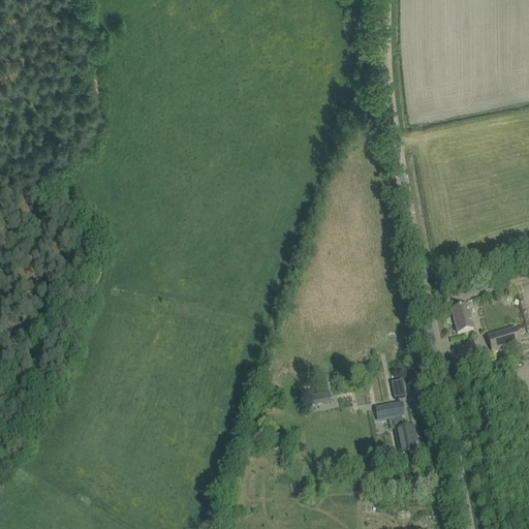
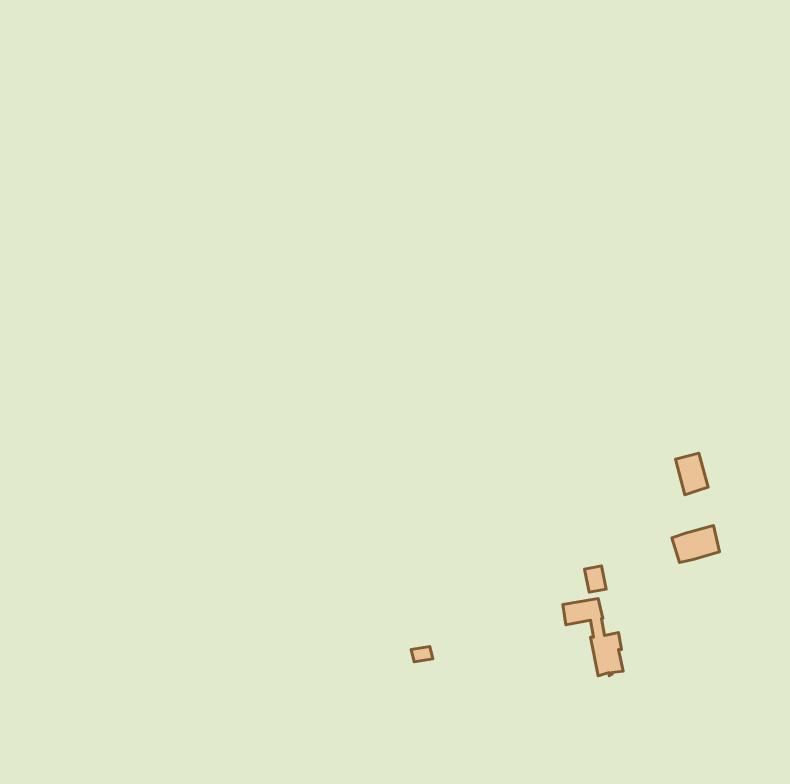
building: [488,324,520,349] -> [672,526,720,563]

